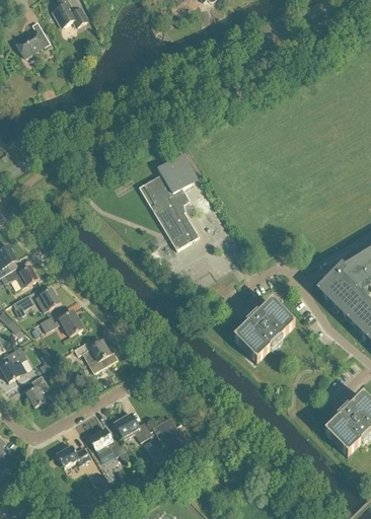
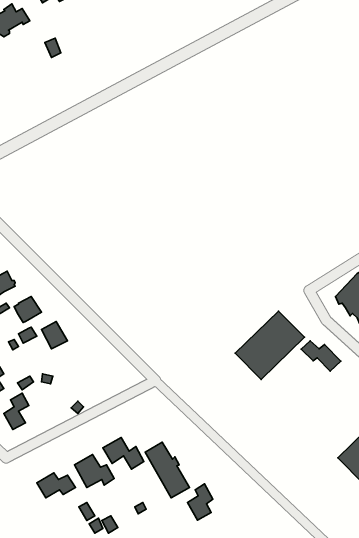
building: [138,153,199,250] -> none
building: none -> [301,341,341,371]
building: [74,341,118,373] -> none
building: none -> [187,484,213,520]

